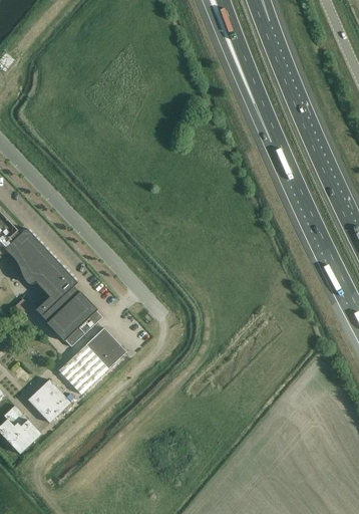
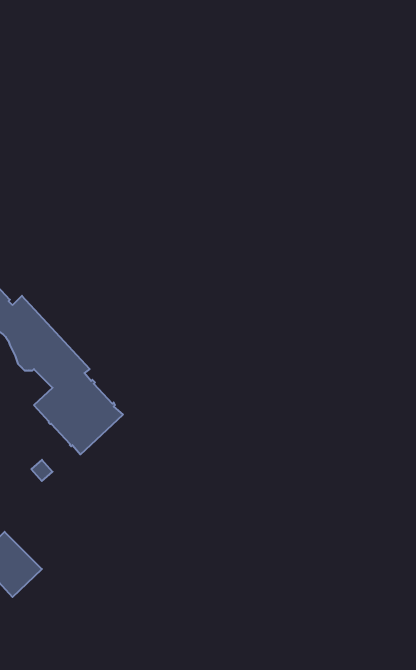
building: [57,326,124,394] -> none
building: [26,378,69,422] -> none

